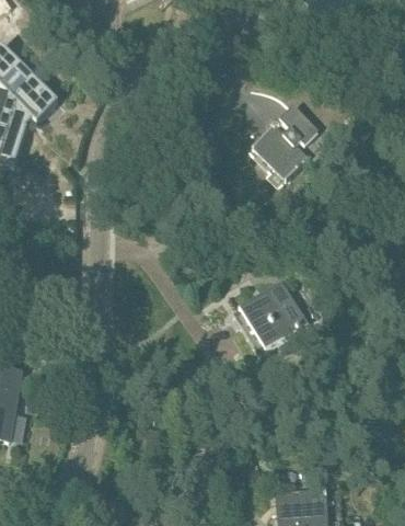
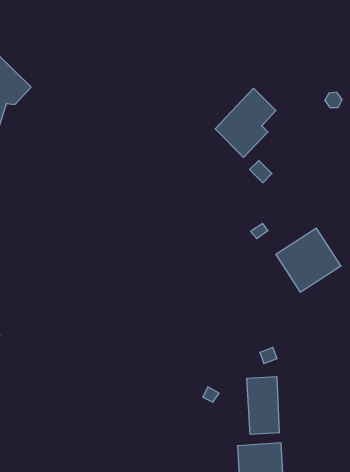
building: [239,281,309,350] -> [276,228,341,292]
building: none -> [247,377,279,434]

